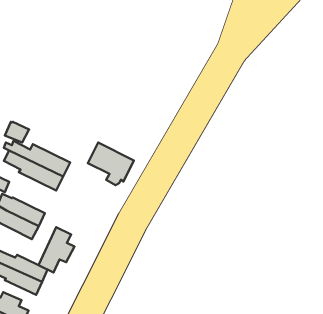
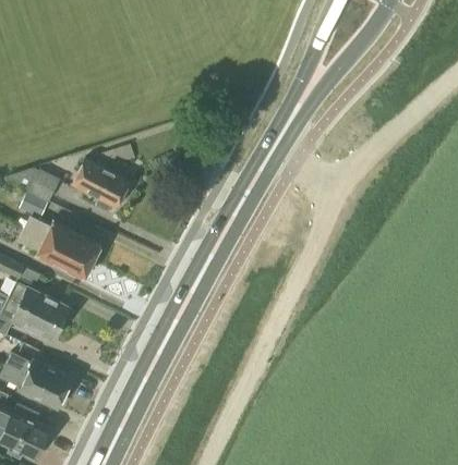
building: none -> [28,169,60,201]
building: [88,142,134,185] -> [72,158,130,211]
building: [38,227,74,273] -> none

